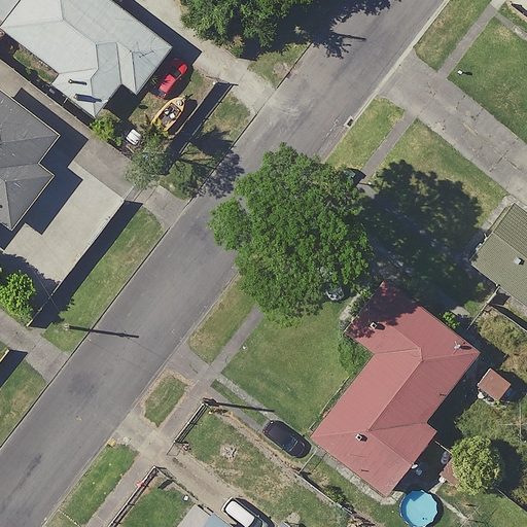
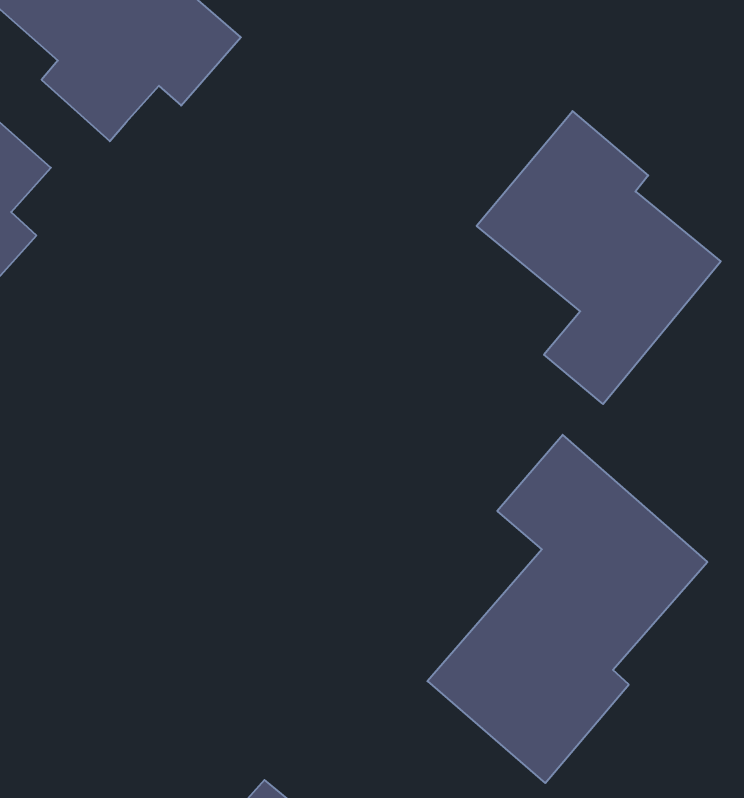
building: none -> [477,111,721,404]

